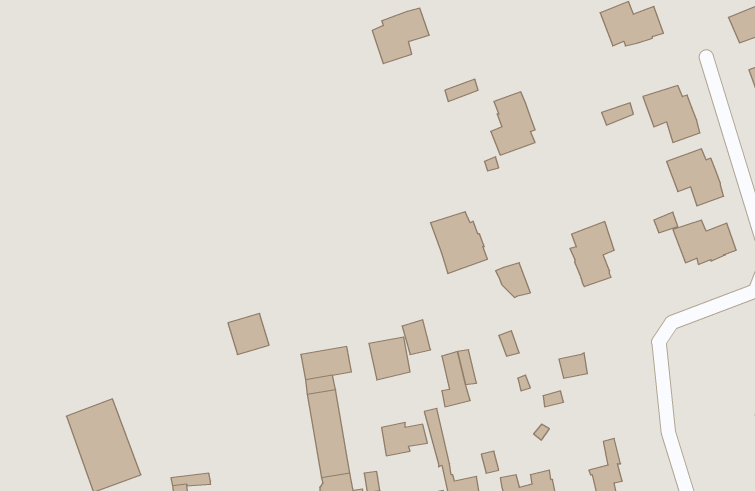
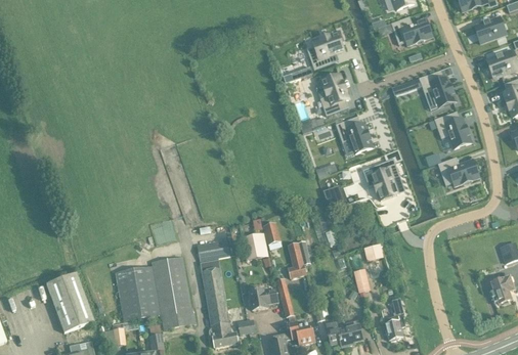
building: [372,8,429,64] -> [306,34,343,70]
building: [430,212,487,273] -> [335,117,372,157]
building: none -> [115,257,196,328]

